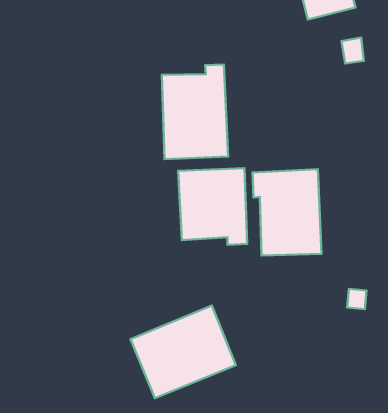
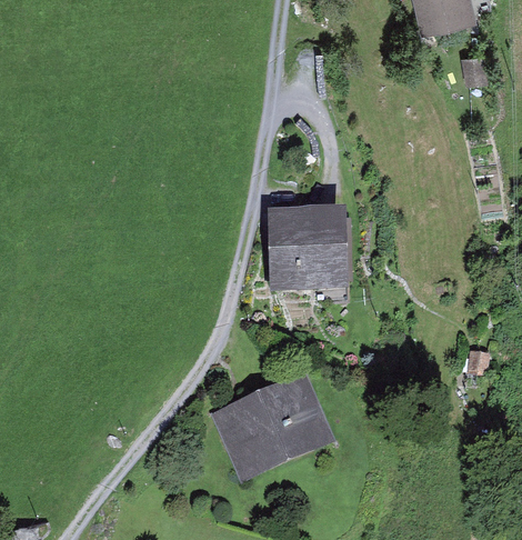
building: [162,64,228,159] -> none
building: [252,169,321,255] -> none

